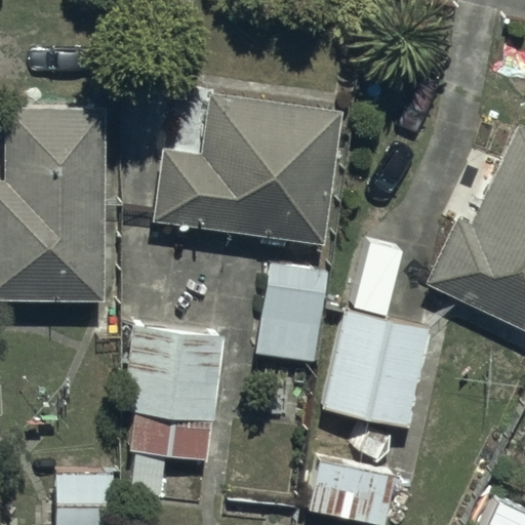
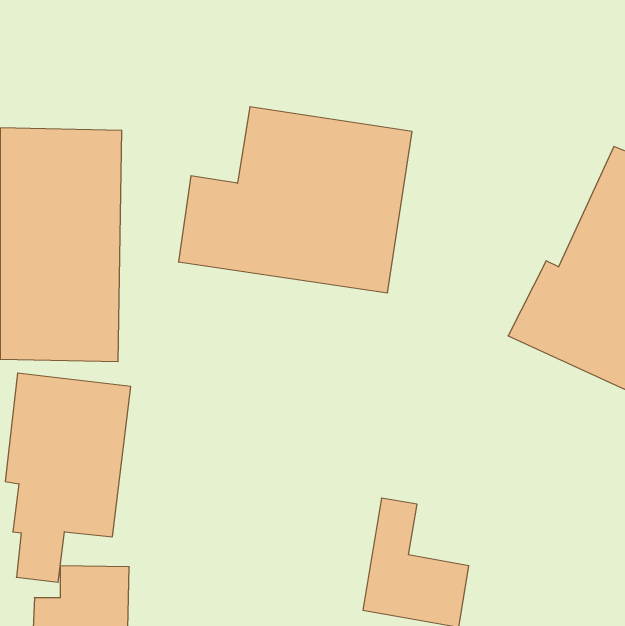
building: [253,264,328,363] -> none
building: [318,308,429,430] -> none
building: [119,323,224,497] -> [5,373,131,582]

